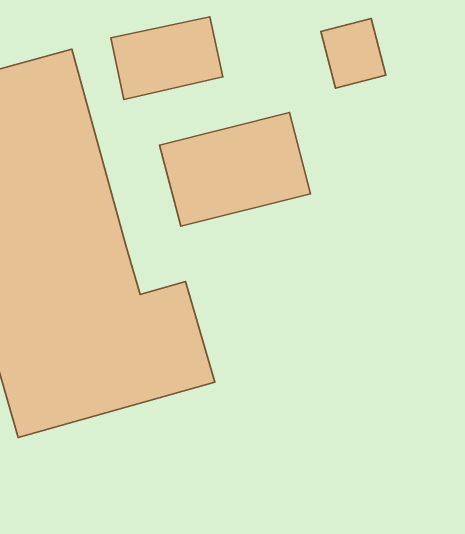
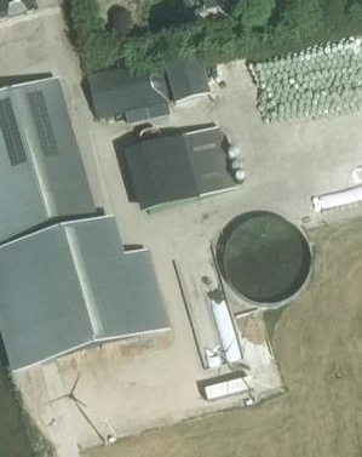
building: [321,18,386,88] -> [163,48,212,101]

